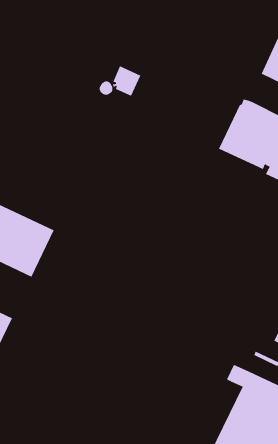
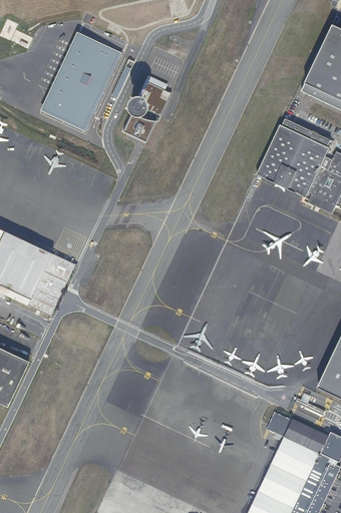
building: none -> [39,31,119,129]

